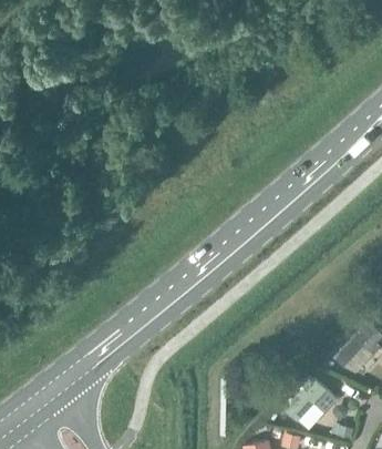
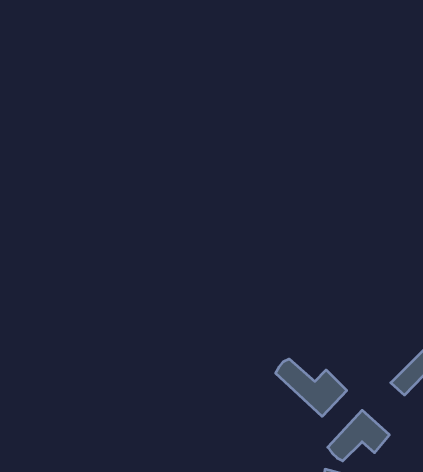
building: none -> [276,359,347,416]

